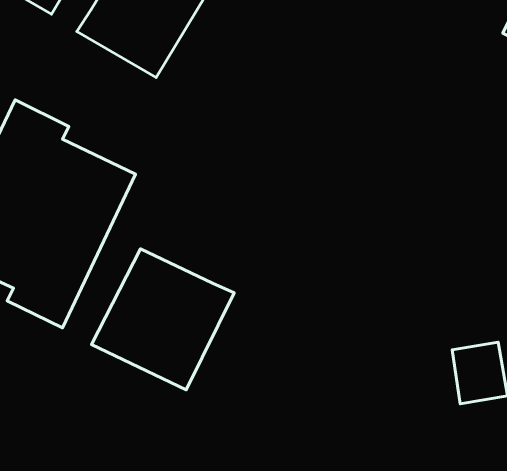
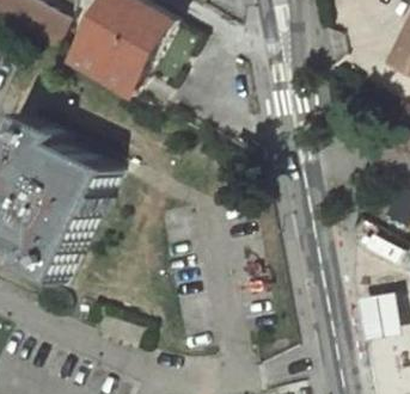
building: [92,249,234,390] -> none

